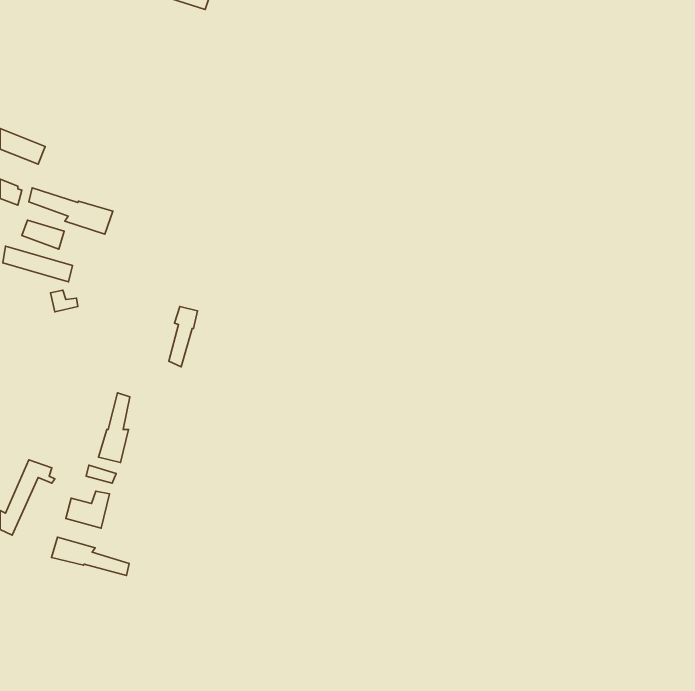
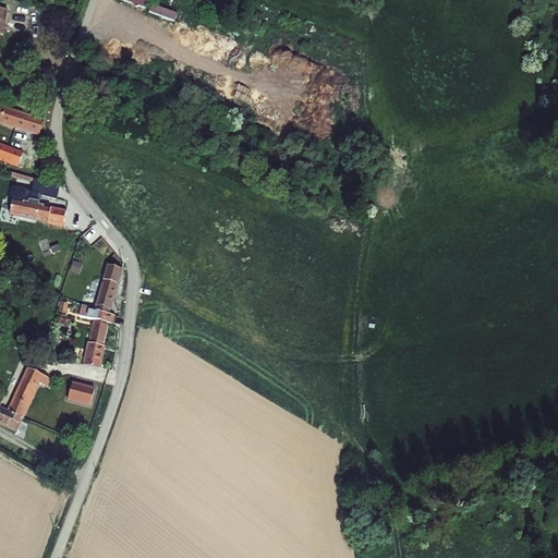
building: [29,188,113,234] -> none
building: [169,307,198,367] -> [96,264,119,312]
building: [52,537,129,576] -> none

